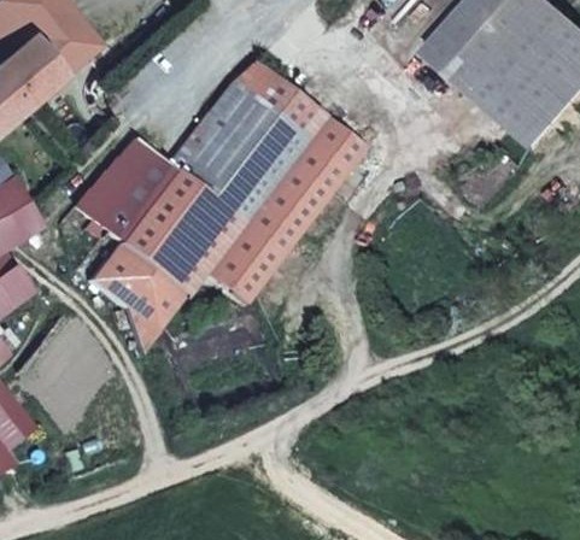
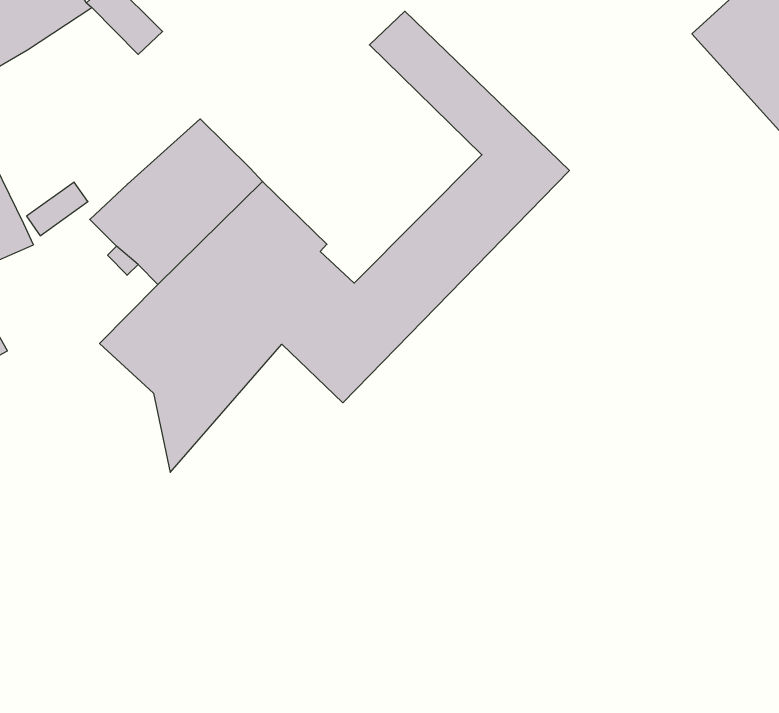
building: [166,82,306,228] -> none

